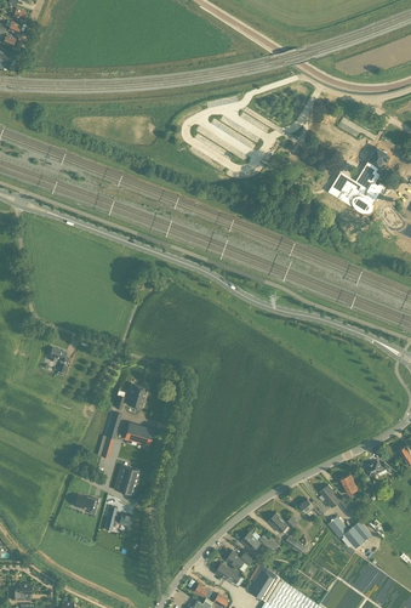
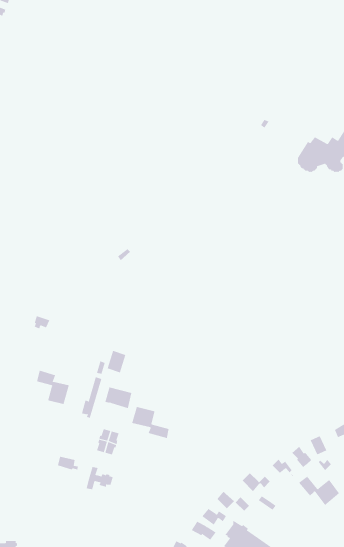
building: none -> [37,370,70,405]
building: none -> [132,406,169,439]

